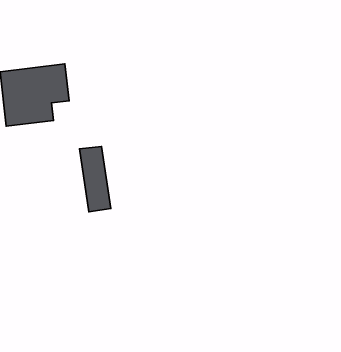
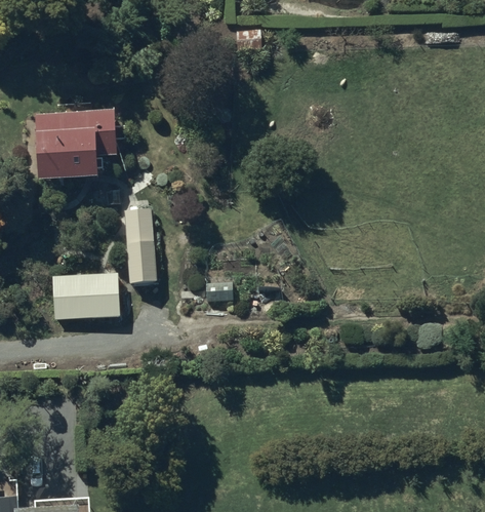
building: none -> [51,271,120,320]

